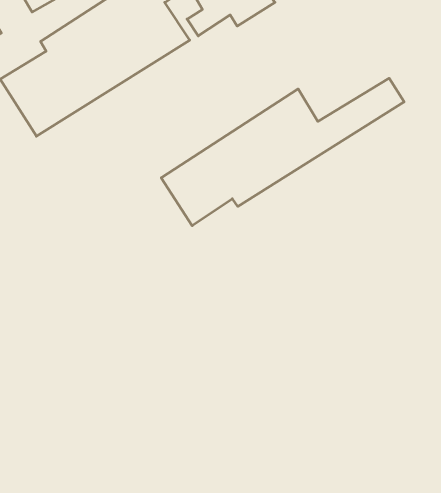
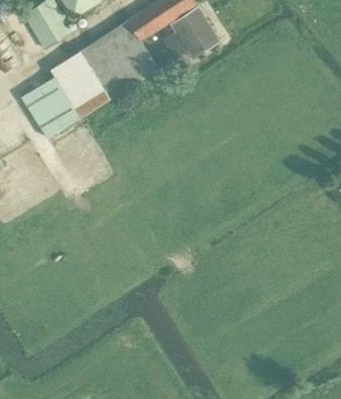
building: [161,78,404,226] -> none

